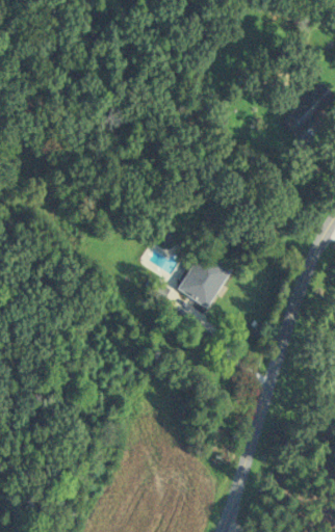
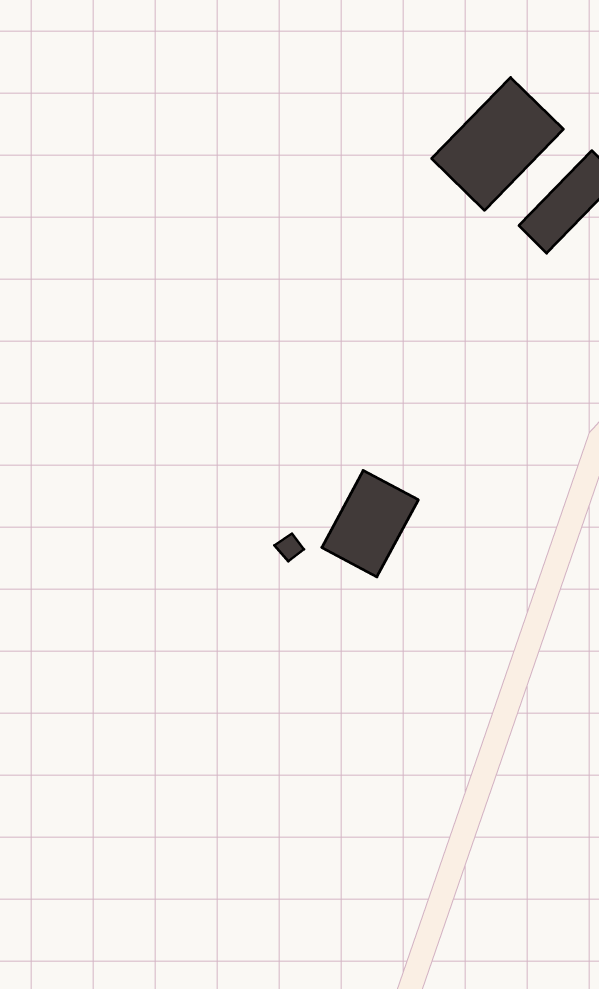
building: none -> [432,77,563,210]

